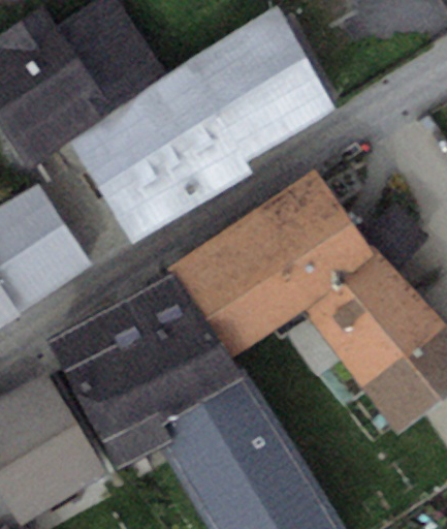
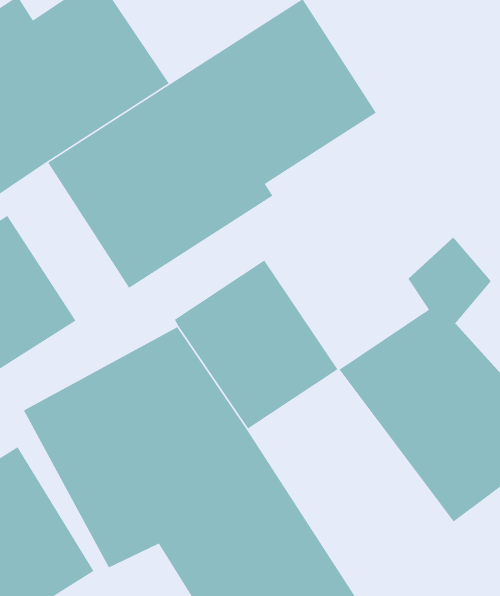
building: [244,172,376,309] -> none

